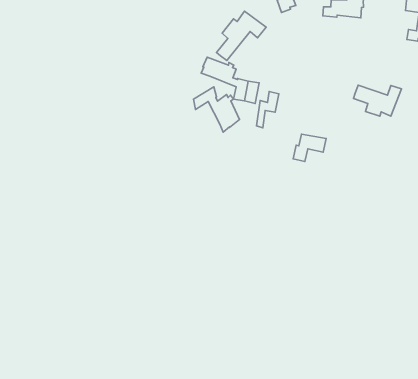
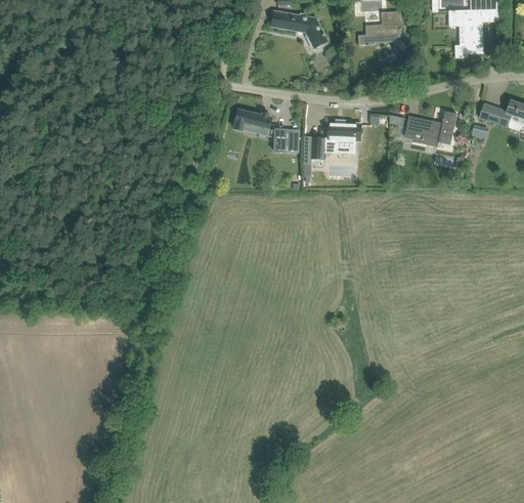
building: [216,11,266,61] -> none
building: [193,87,239,132] -> none
building: [293,134,326,161] -> [323,123,356,153]

